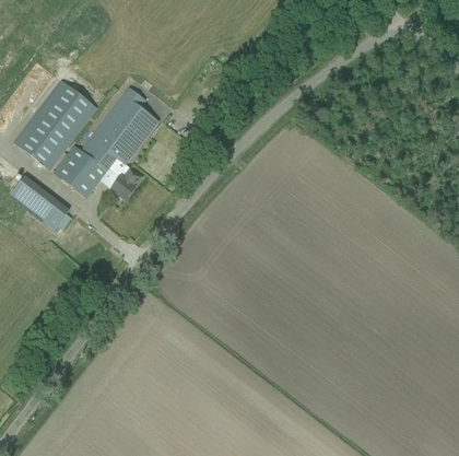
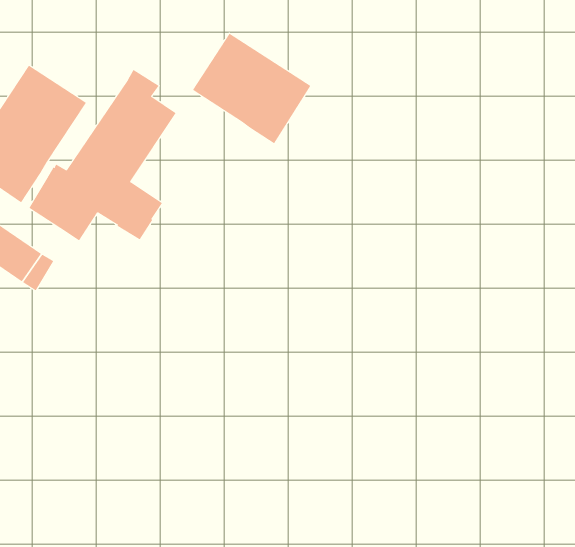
building: none -> [192,33,311,144]

